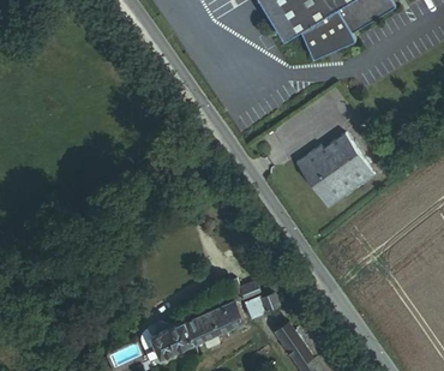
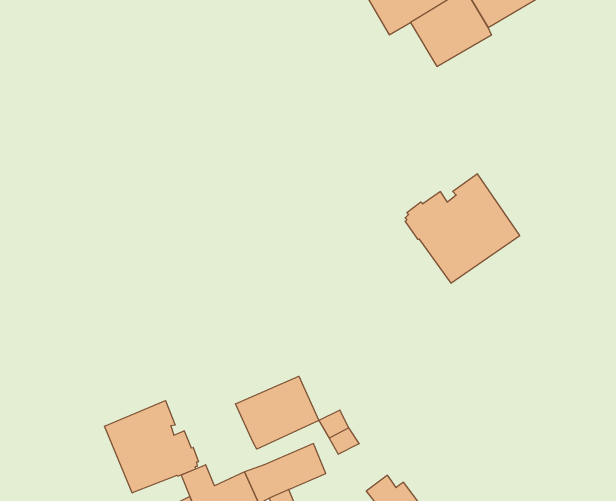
building: none -> [236,376,319,449]
building: none -> [105,401,199,493]

